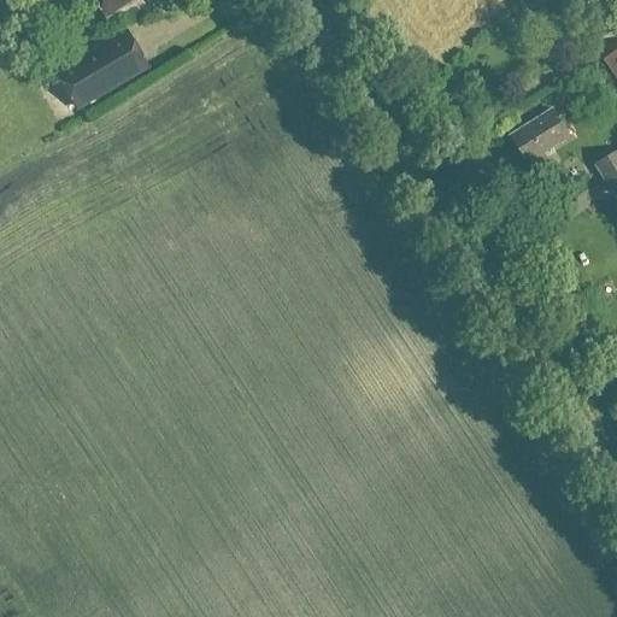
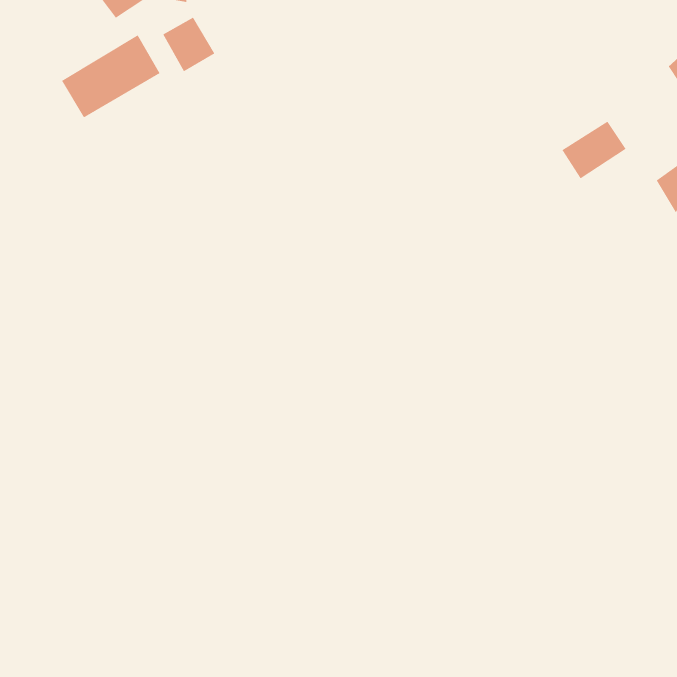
building: none -> [162,17,215,72]

